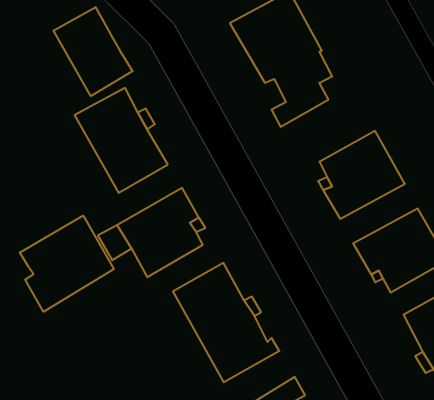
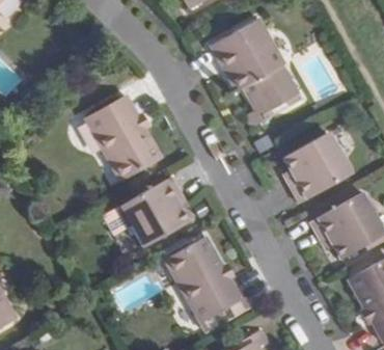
building: [54,7,133,96] -> none
building: [20,216,114,312] -> none

